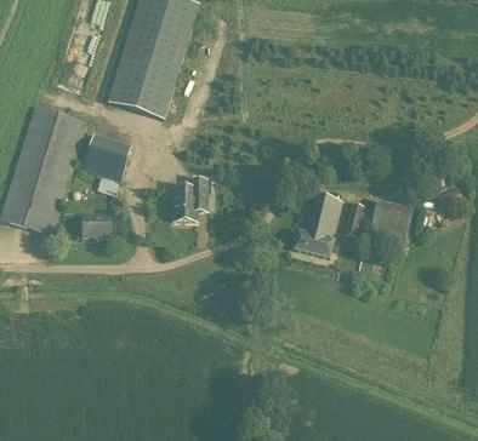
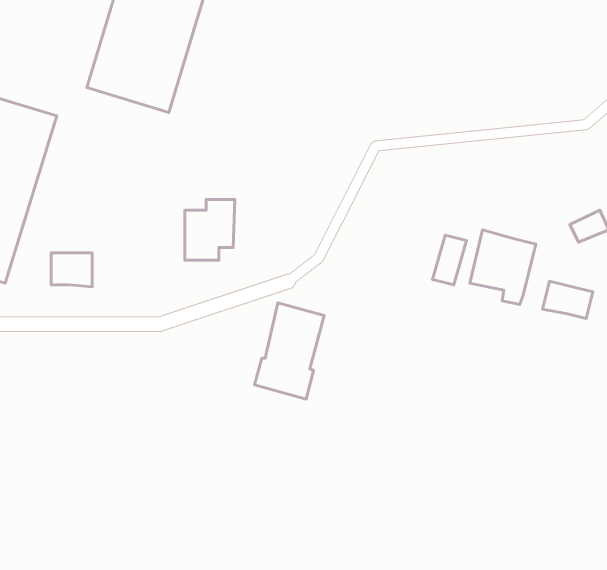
building: [84,136,131,179] -> none
building: [295,191,342,257] -> [255,303,324,399]
building: none -> [543,281,593,319]

